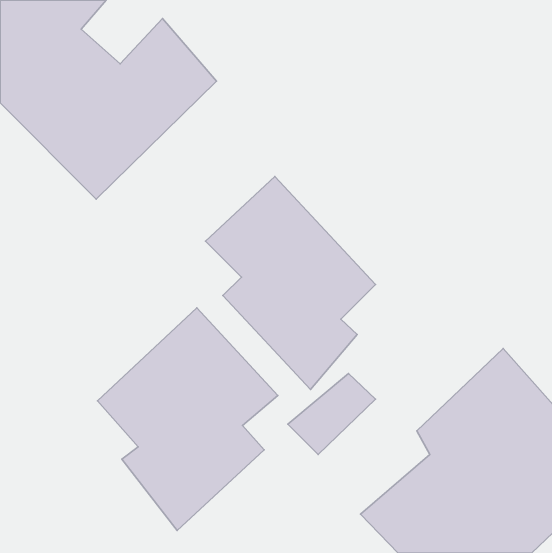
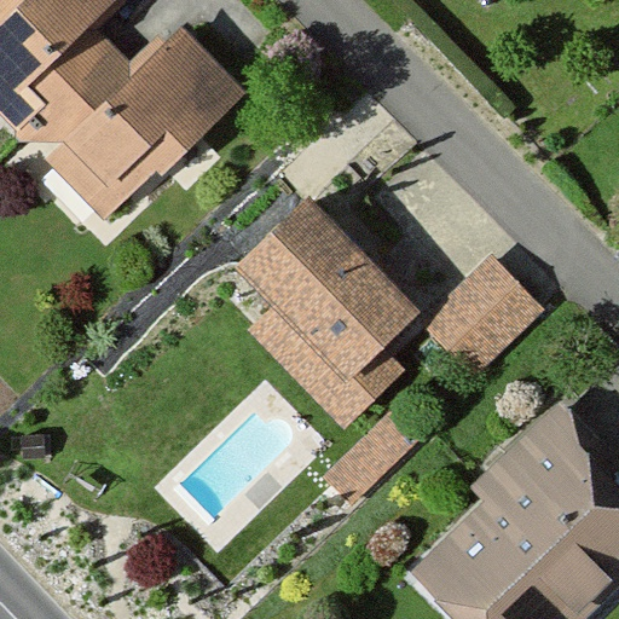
building: none -> [421,254,549,380]
building: [97,308,278,531] -> none

